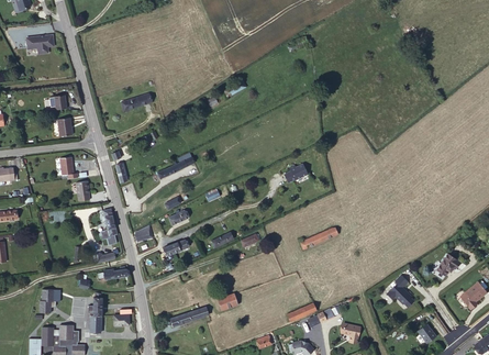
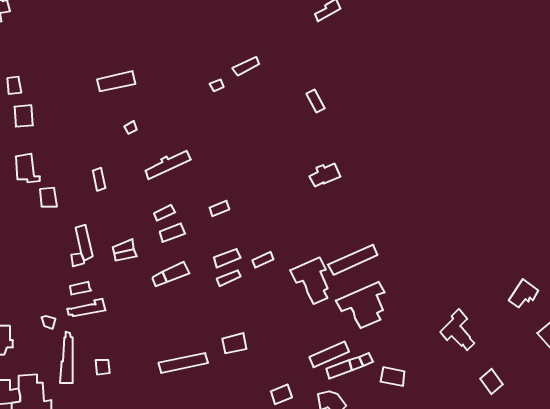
building: none -> [290,257,328,304]
building: none -> [336,282,385,328]

